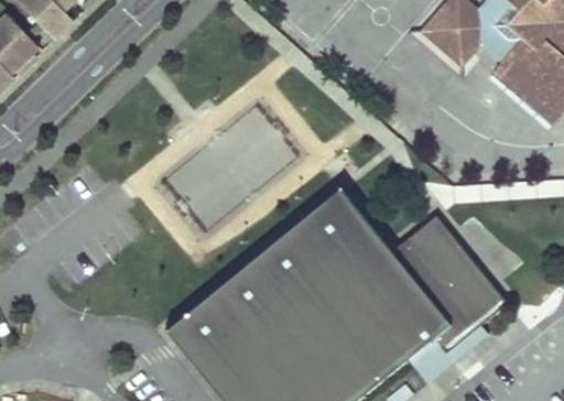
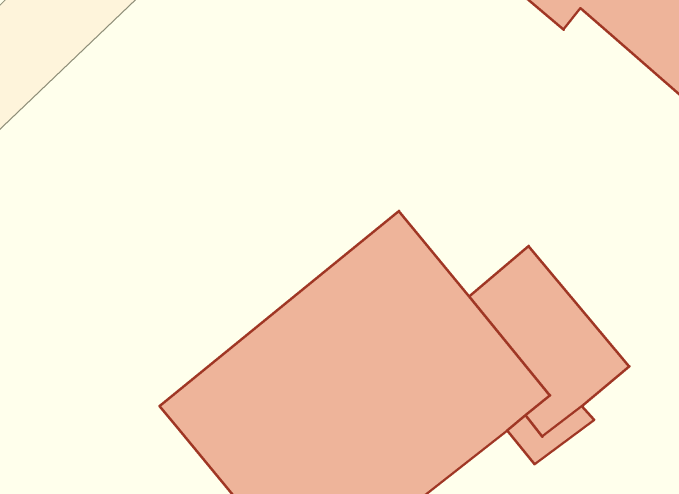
building: [165,120,283,224] -> none

